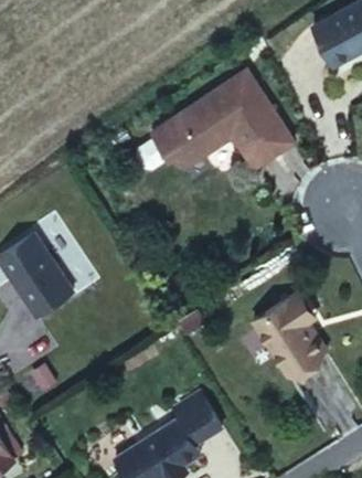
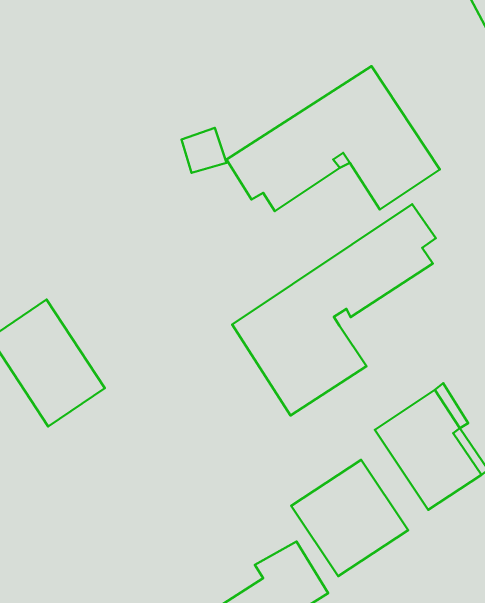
building: none -> [232,204,436,416]
building: none -> [291,460,408,576]

